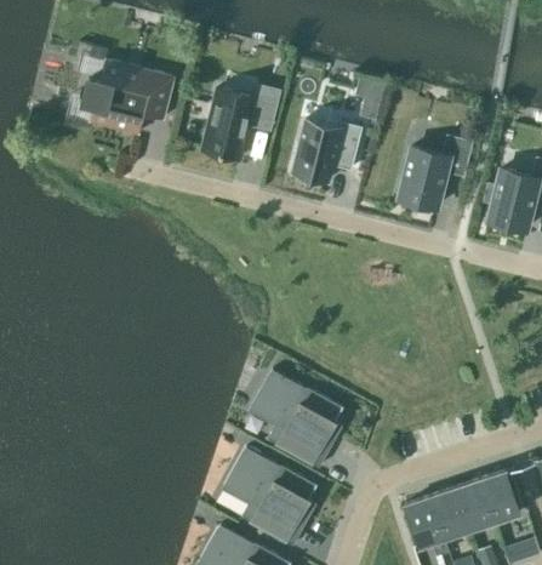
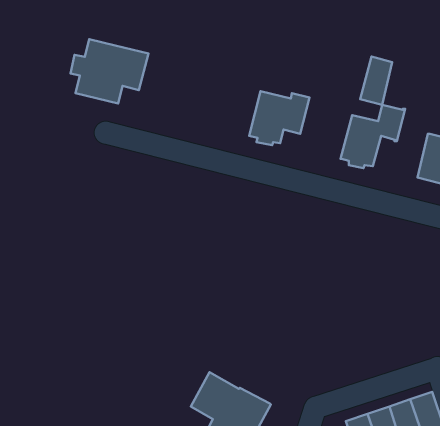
building: none -> [360,56,392,105]
building: [200,89,276,160] -> none
building: [249,371,342,468] -> none

